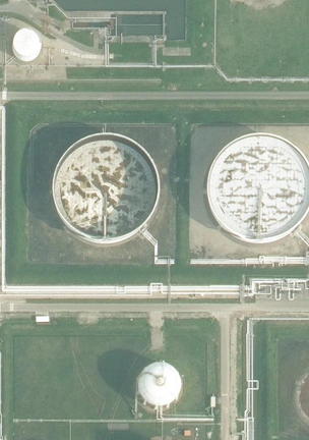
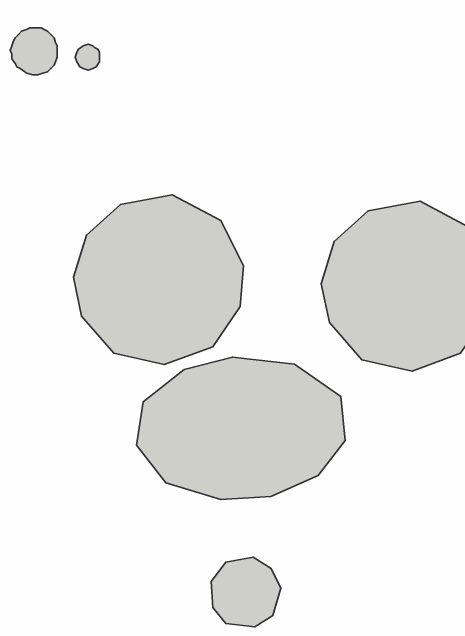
building: none -> [136,357,345,499]

